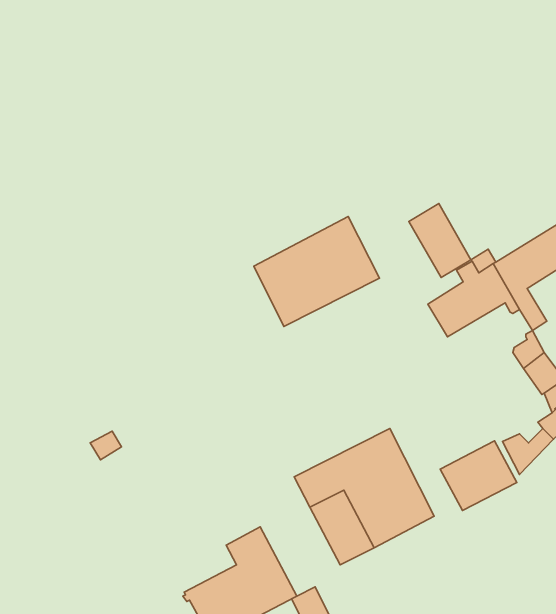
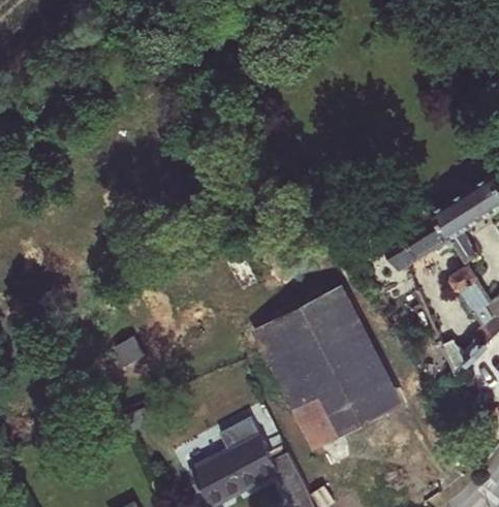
building: [409,204,471,278] -> none
building: [254,217,380,326] -> [255,291,354,378]
building: [440,441,517,511] -> none

